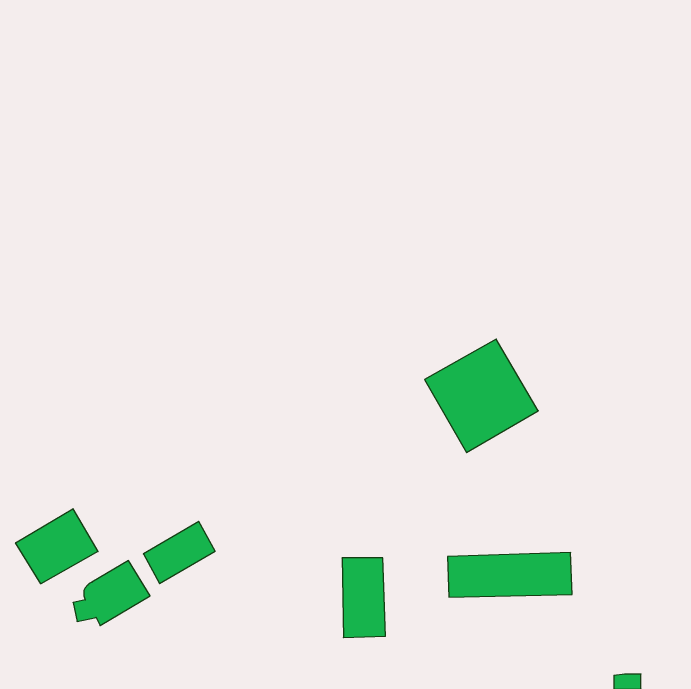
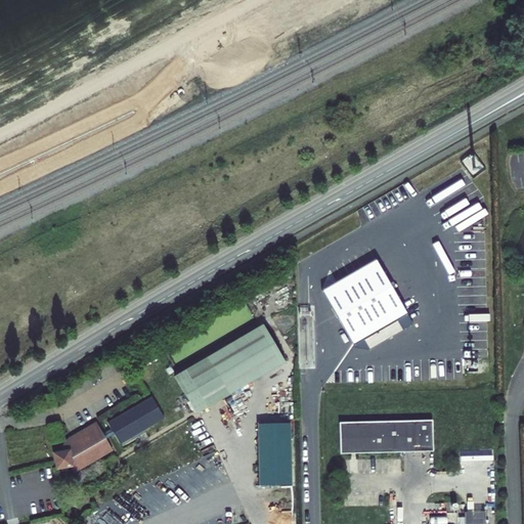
building: none -> [175,324,286,414]
building: [16,509,98,584] -> none

